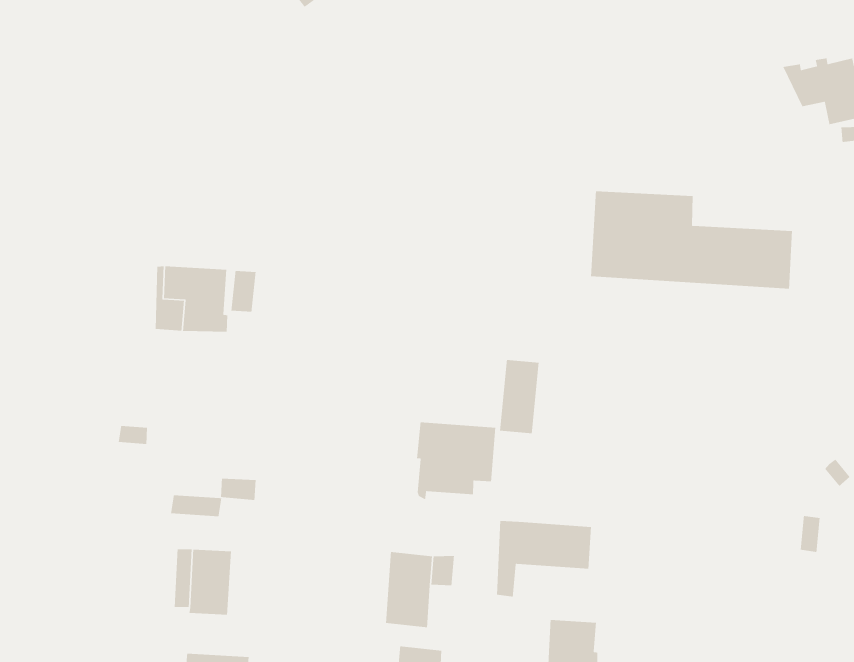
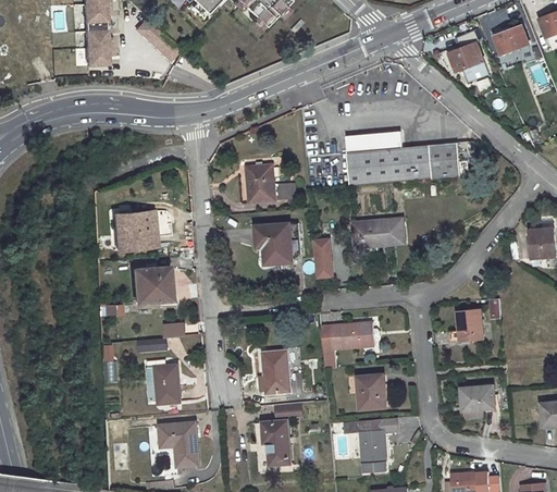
building: none -> [247,164,276,201]
building: none -> [354,218,405,245]
building: none -> [133,266,170,302]
building: [416,422,496,500] -> [257,222,301,268]
building: none -> [447,307,483,341]

